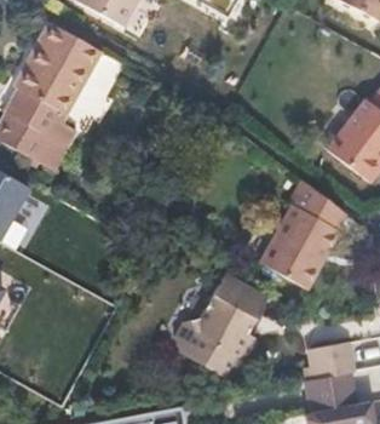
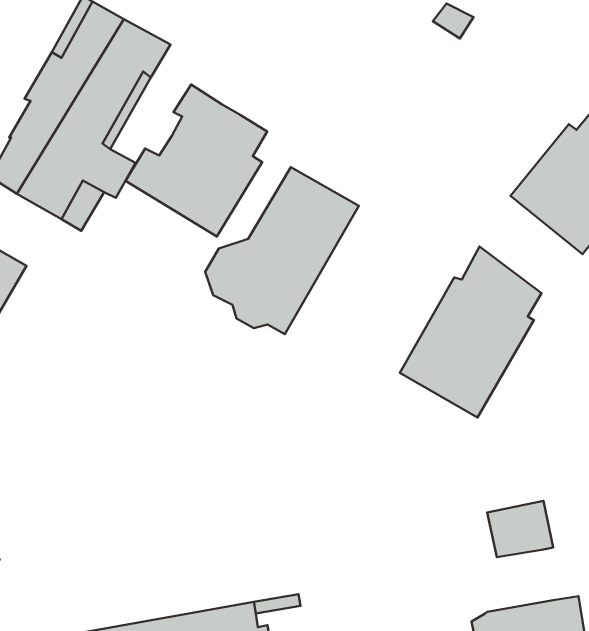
building: none -> [125,85,267,237]
building: [174,270,270,374] -> [205,167,359,334]
building: [306,369,353,408] -> none

